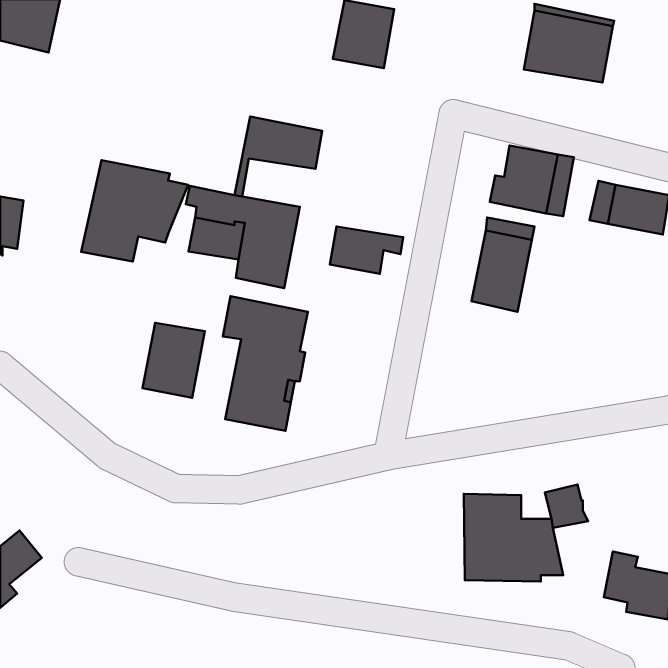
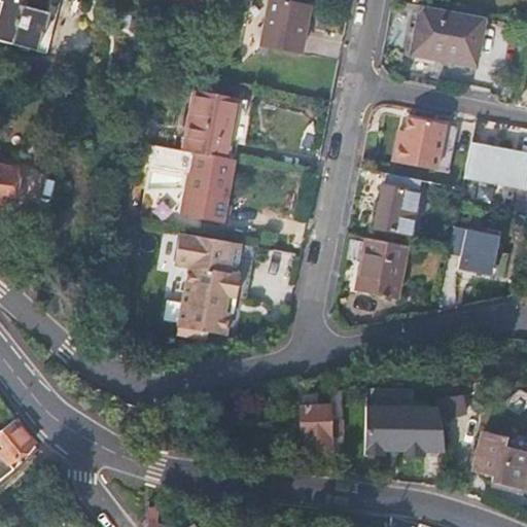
building: [81,160,188,262] -> none
building: [330,227,403,274] -> [191,125,249,162]
building: none -> [448,224,499,279]
building: none -> [351,246,407,307]
building: [143,323,205,398] -> none
building: none -> [300,409,330,451]

